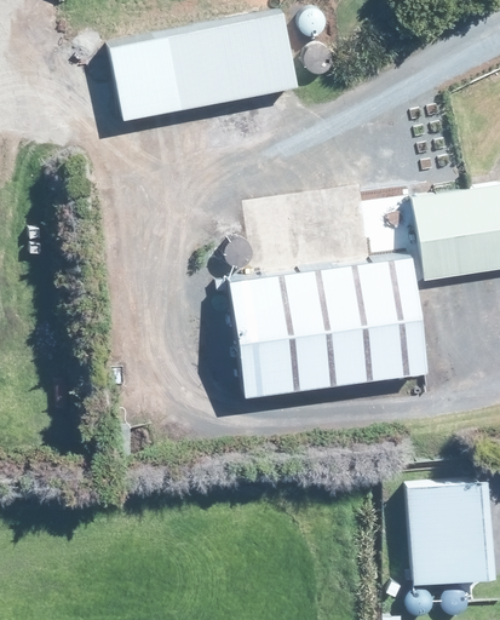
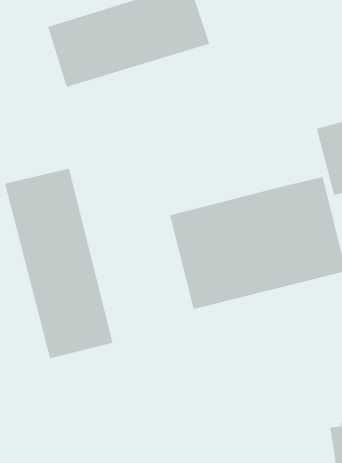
building: none -> [4,168,113,359]

